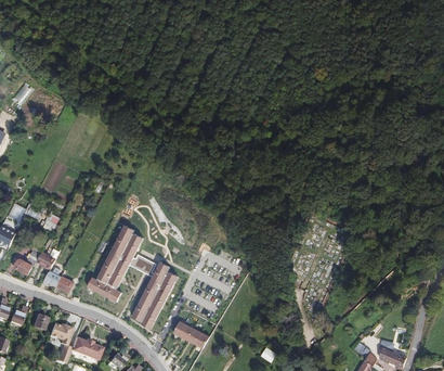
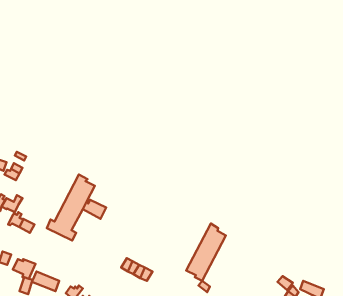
building: [132,261,178,328] -> [186,223,226,281]

